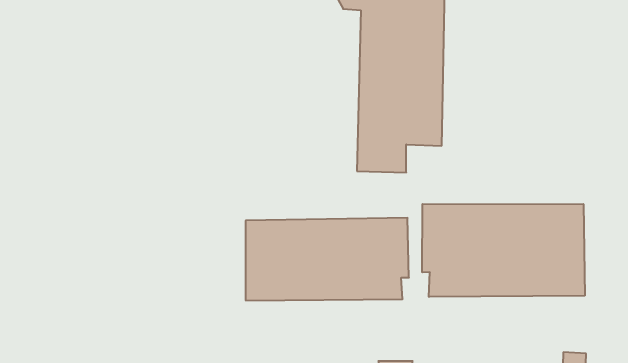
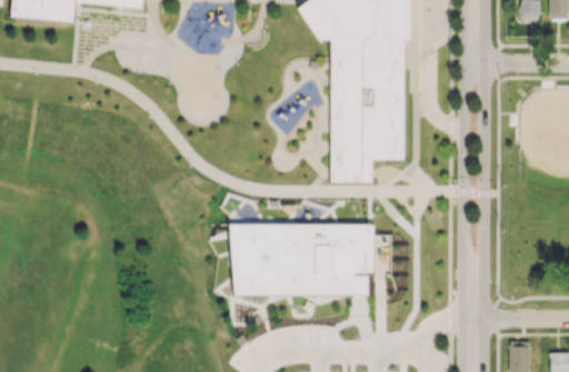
building: [422,204,585,297] -> none

